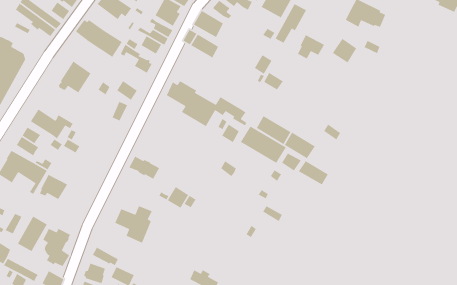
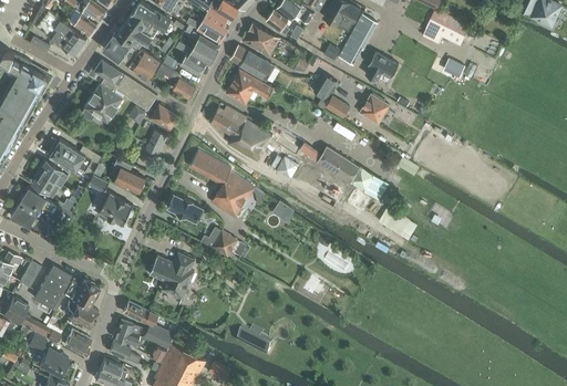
building: none -> [116,15,154,46]
building: [332,38,357,63] -> [358,94,388,124]
building: none -> [94,59,157,109]
building: none -> [226,70,272,103]
building: none -> [189,150,265,217]
building: none -> [114,158,145,191]
building: [39,174,68,200] -> [99,192,133,223]

